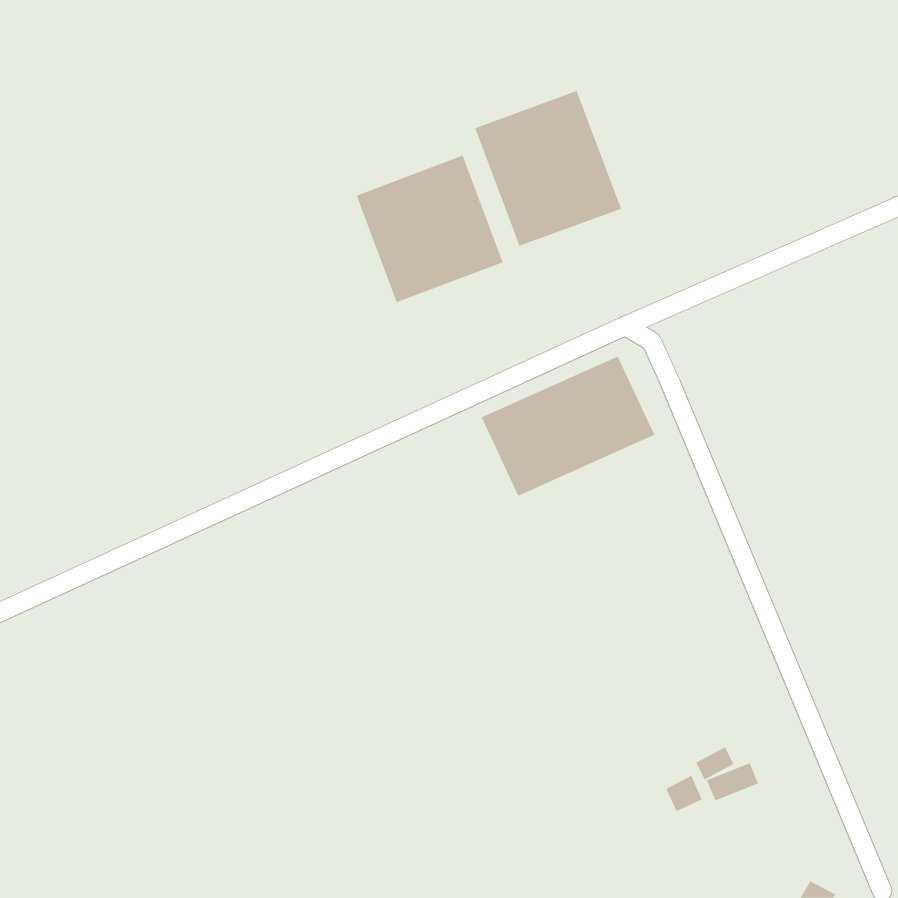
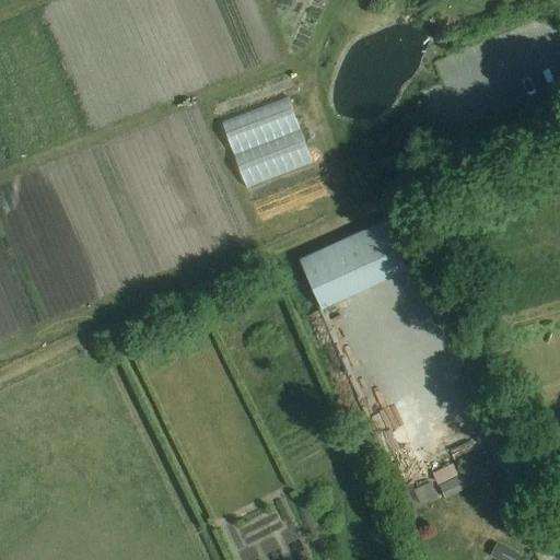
building: [474,90,622,247] -> none

